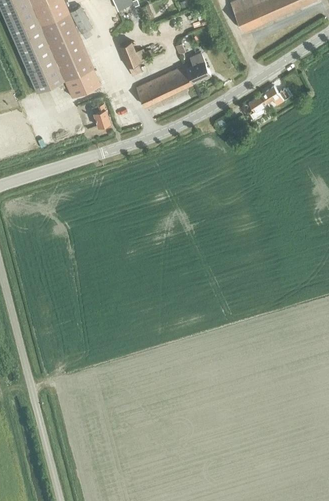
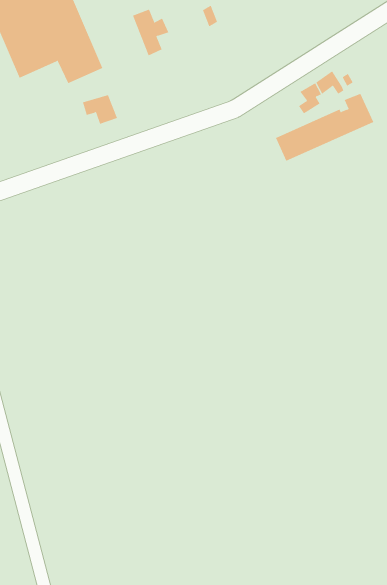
building: [138,51,213,103] -> [275,93,374,162]

